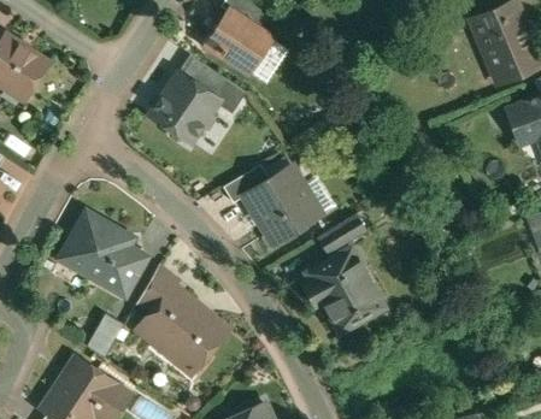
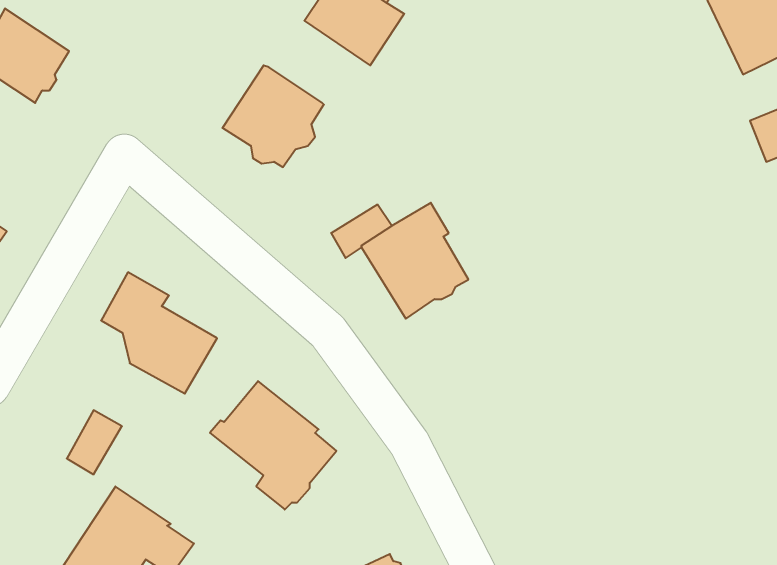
building: [182,57,230,99] -> none
building: [321,216,364,254] -> none
building: [305,248,380,334] -> none
building: [139,265,178,314] -> none
building: [88,314,125,358] -> [67,410,122,474]

